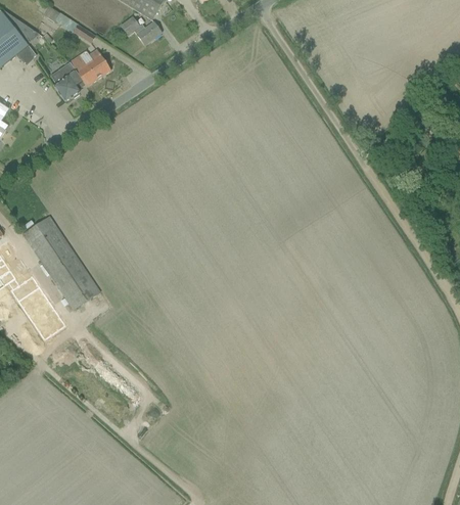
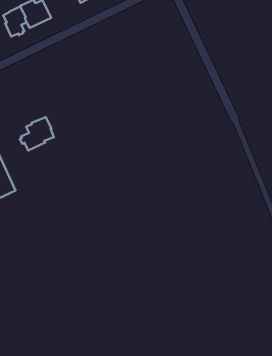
building: none -> [20,117,54,150]

